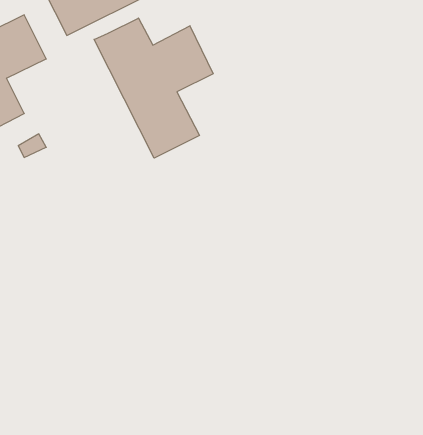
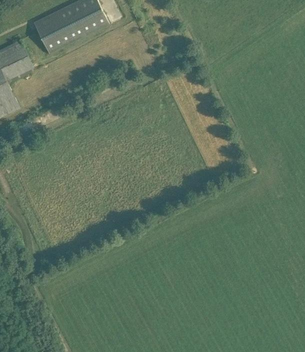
building: [94,18,213,158] -> none

